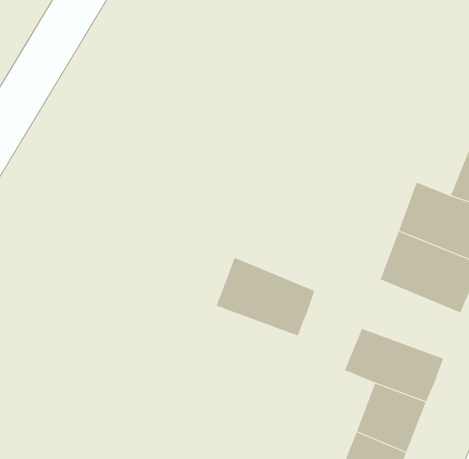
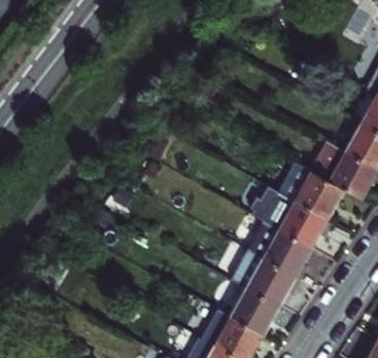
building: [216,257,315,336] -> [243,223,308,279]

